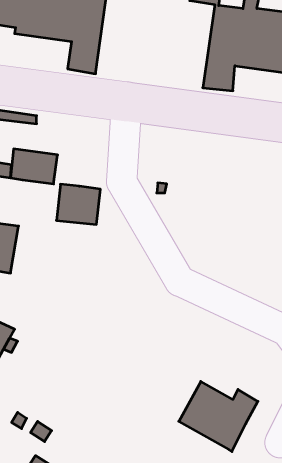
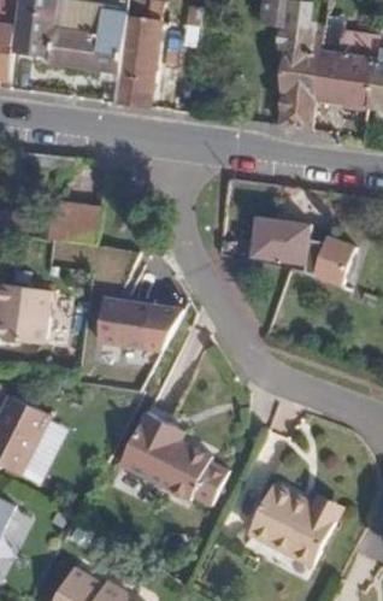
building: none -> [252,219,357,288]
building: [56,184,100,224] -> [102,299,155,347]
building: none -> [120,411,230,506]

